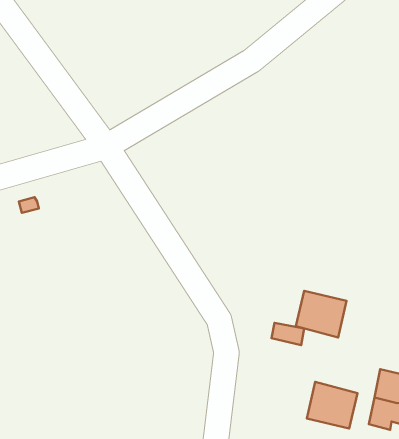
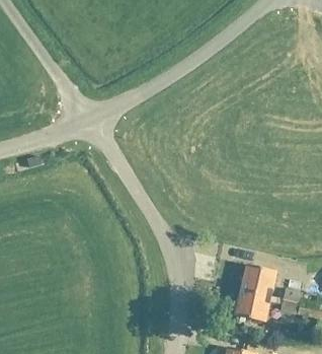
building: [296,291,347,337] -> [240,262,276,295]

